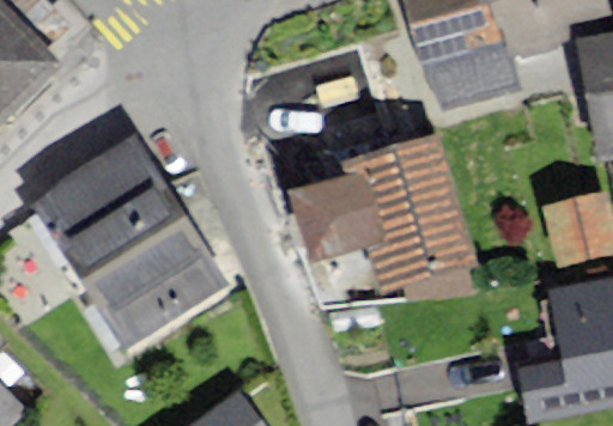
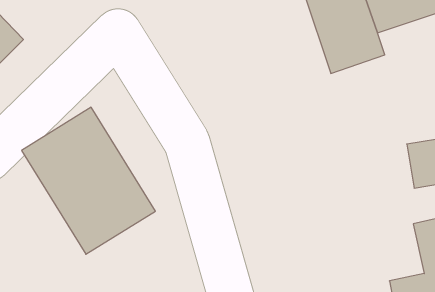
building: [301,138,466,279] -> none

